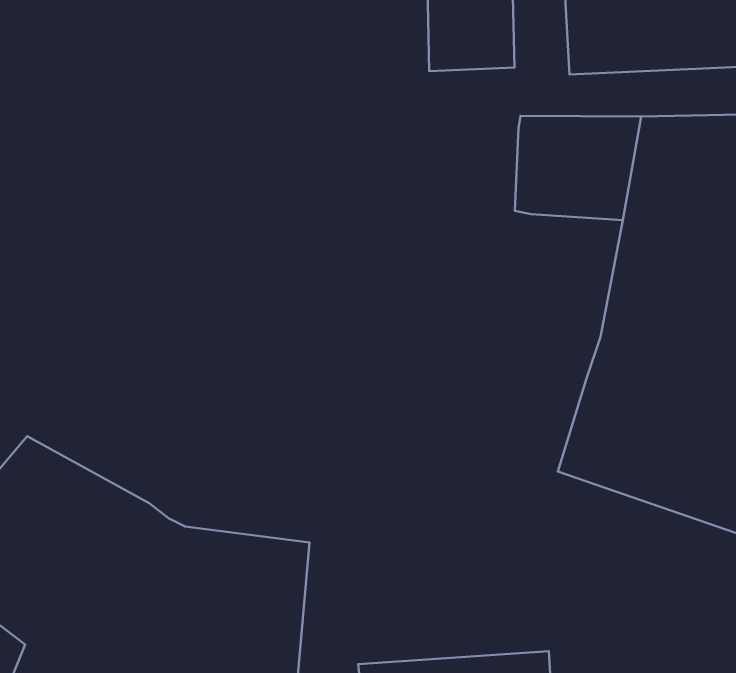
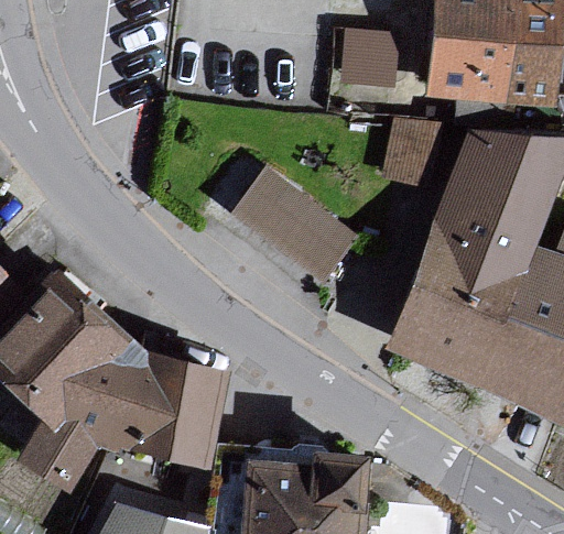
building: none -> [234,167,359,281]

